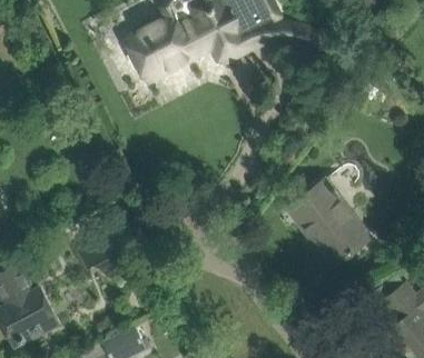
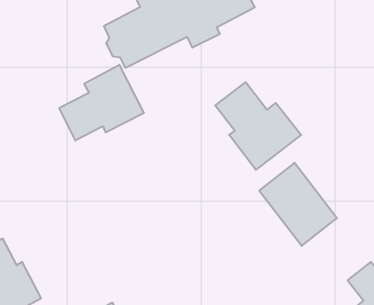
building: none -> [59,65,144,141]
building: none -> [215,82,301,170]

